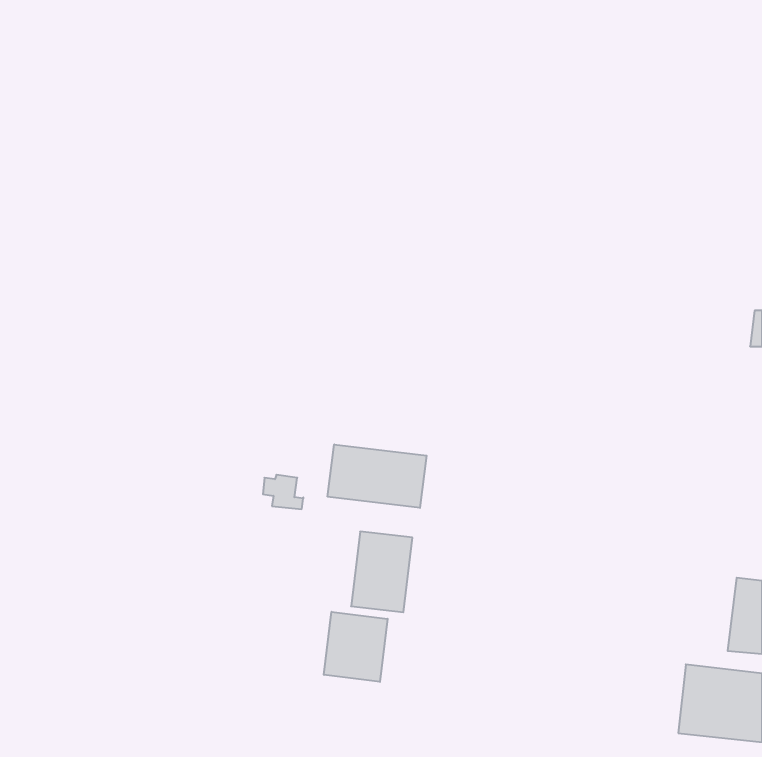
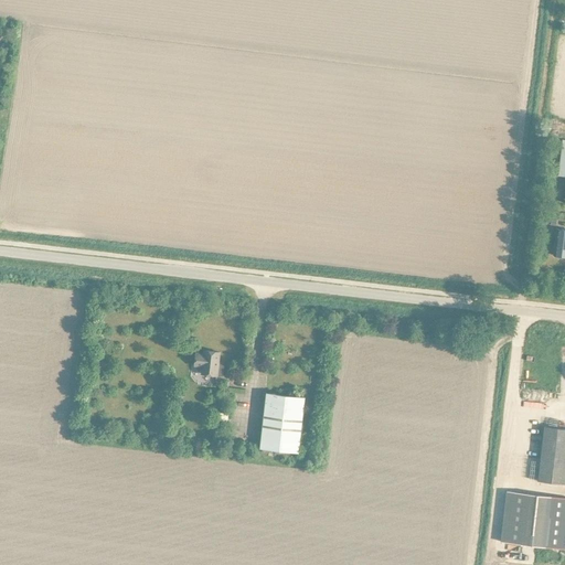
building: [328,444,427,508] -> none
building: [324,612,388,682] -> none

